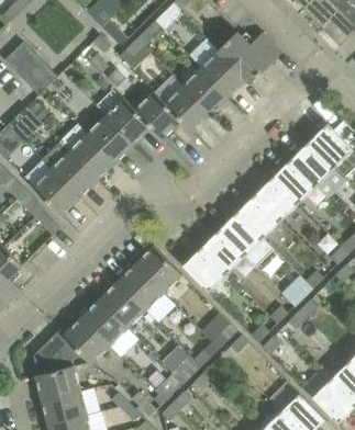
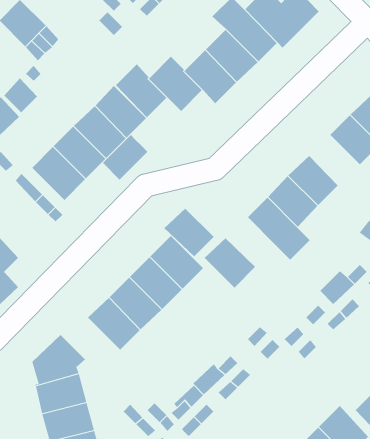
building: none -> [102,134,148,180]
building: [273,159,317,203] -> none
building: [200,230,244,273] -> [164,208,214,257]
building: [62,317,109,364] -> none

